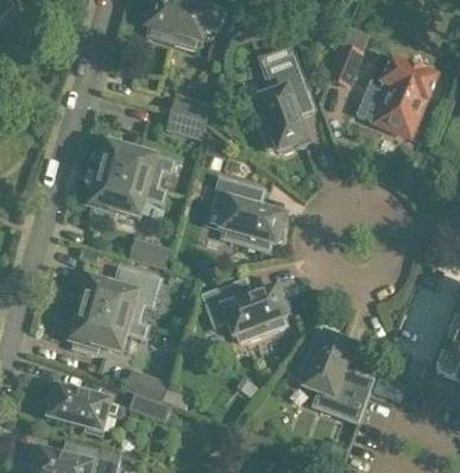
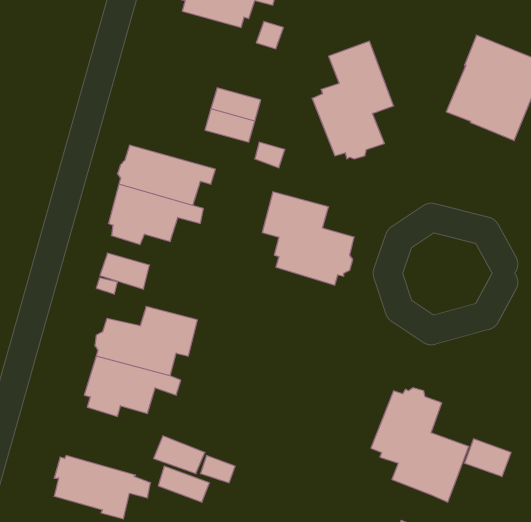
building: [329,45,361,86] -> none
building: [130,239,169,267] -> [100,253,150,289]
building: [203,278,288,341] -> none

